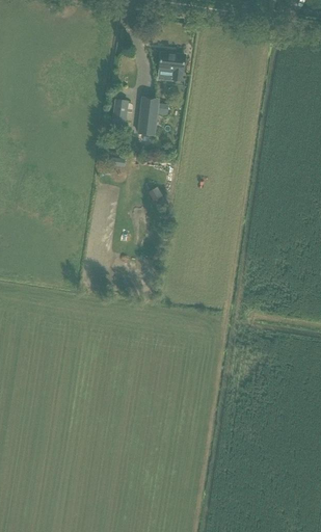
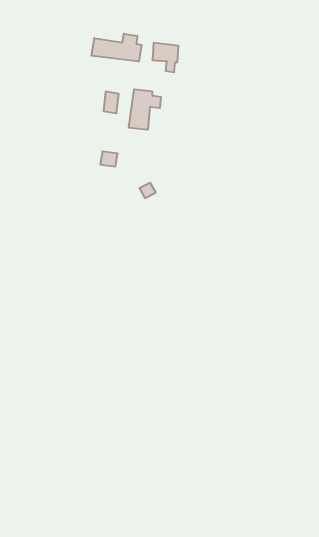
building: none -> [91,34,141,62]

